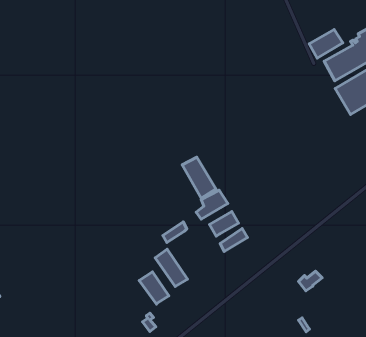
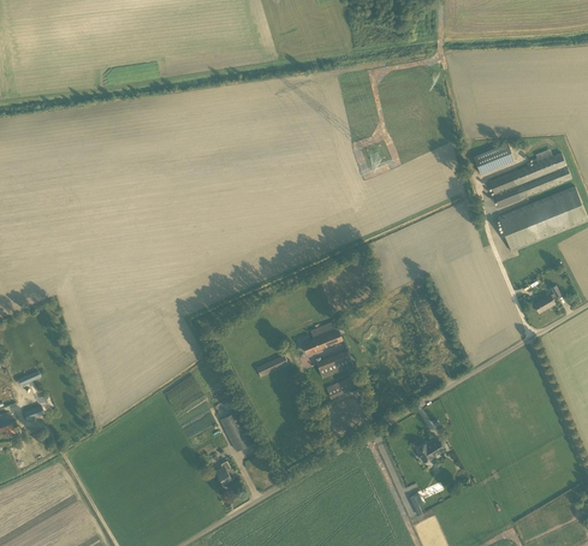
building: [182,157,216,198] -> none
building: [155,249,188,287] -> none

